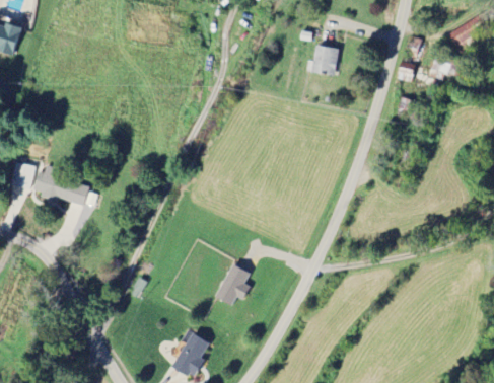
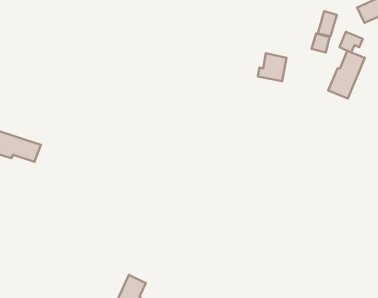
building: [306,44,339,75] -> [258,53,287,81]
building: none -> [328,51,365,98]
building: [216,263,250,305] -> none

